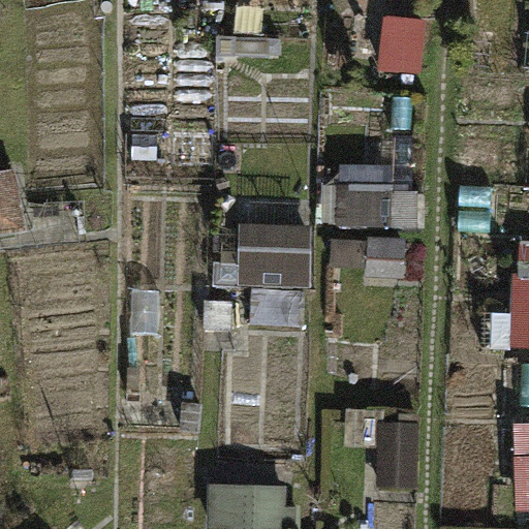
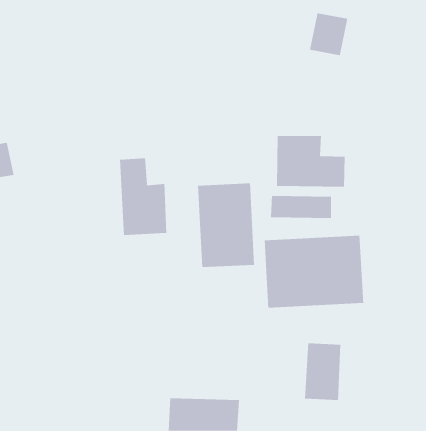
building: none -> [120,157,167,236]
building: none -> [264,235,364,308]

